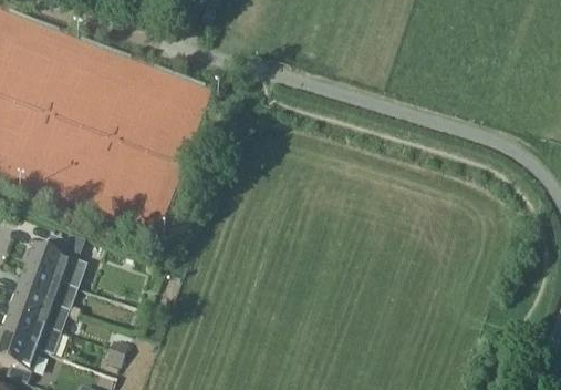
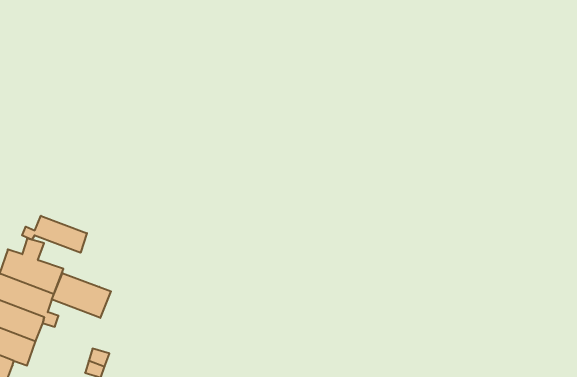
building: none -> [22,216,87,253]
building: none -> [52,273,111,318]

